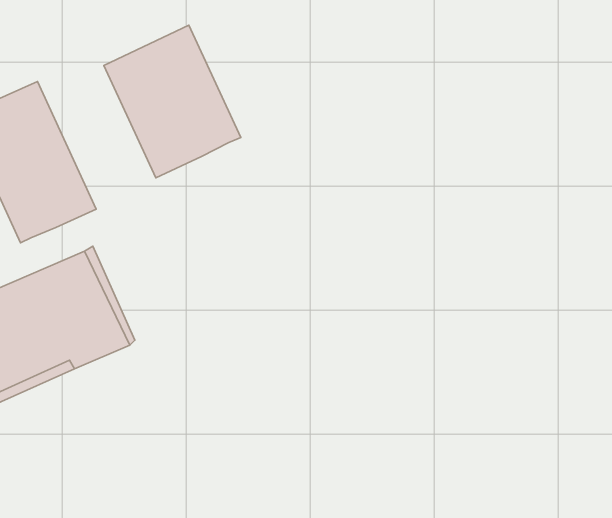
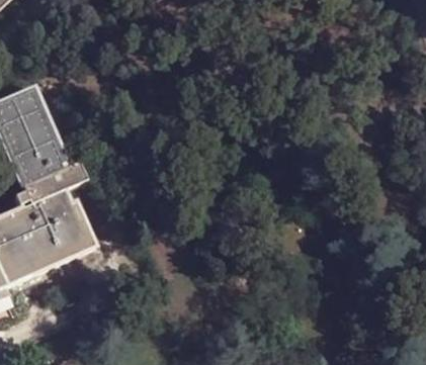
building: [104,25,241,178] -> none

